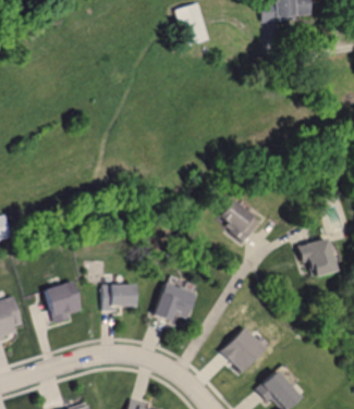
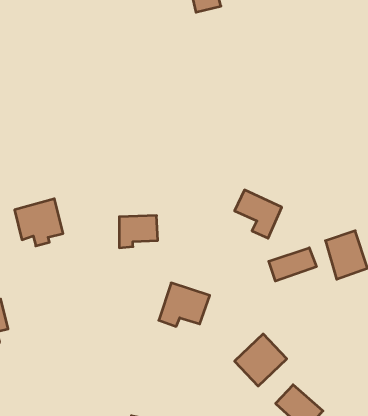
building: none -> [269,248,316,281]
building: [41,280,84,321] -> [15,199,63,246]
building: [105,284,138,312] -> [119,216,158,248]

